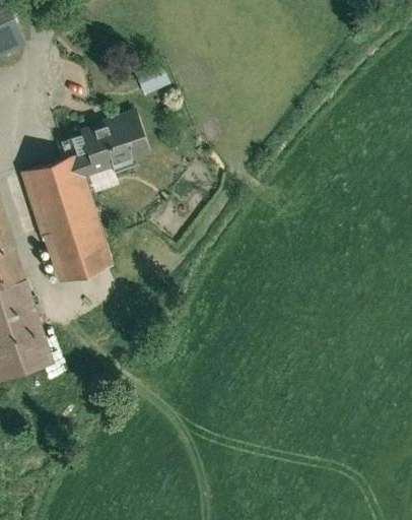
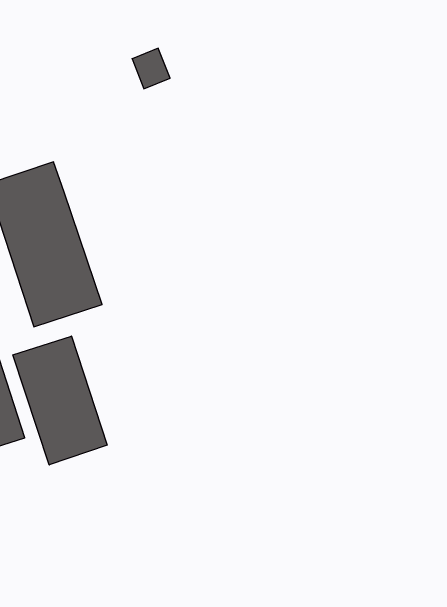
building: [69,111,149,176] -> none
building: none -> [13,336,107,465]

